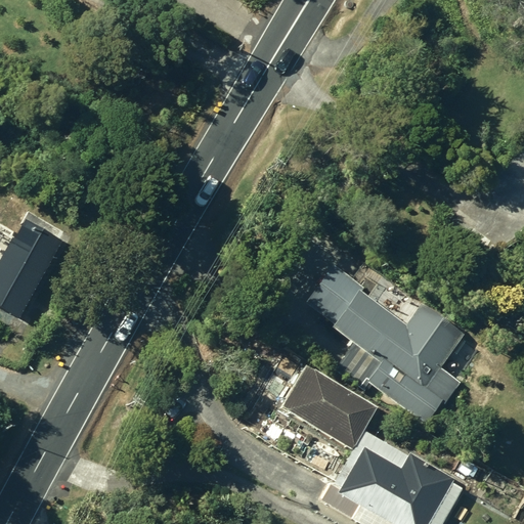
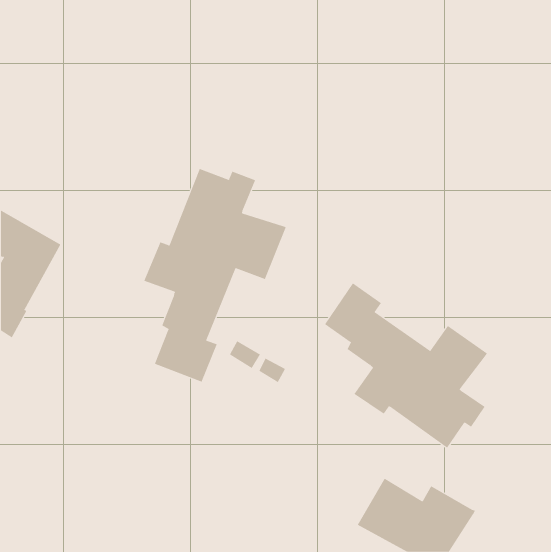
building: none -> [144,168,286,382]
building: [281,366,377,448] -> none

